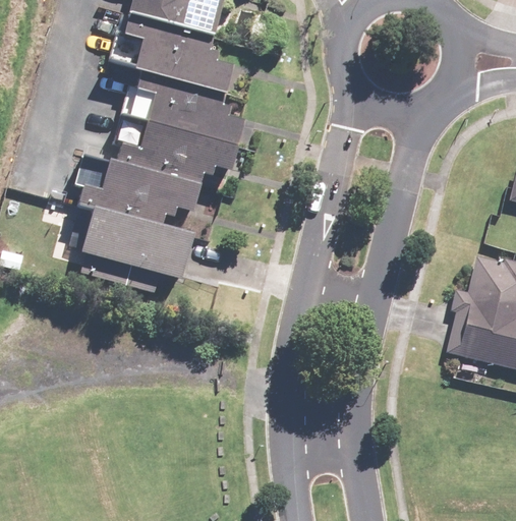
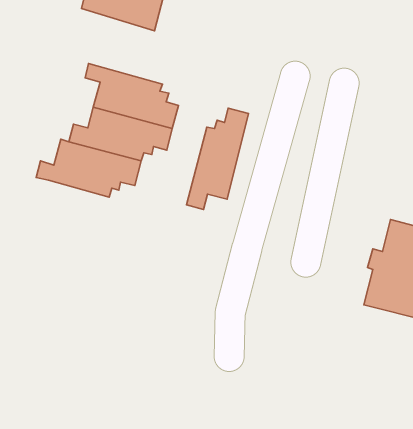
building: [123,11,231,98] -> none
building: none -> [187,108,248,209]
building: [80,208,193,280] -> none

